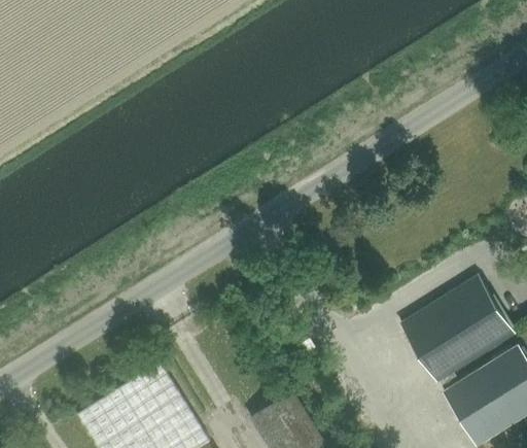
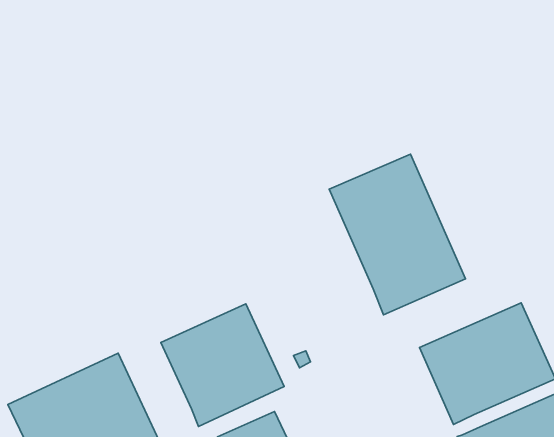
building: none -> [329,154,465,315]
building: none -> [161,304,284,426]

